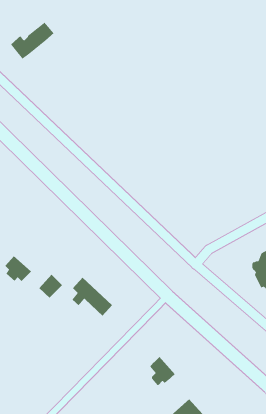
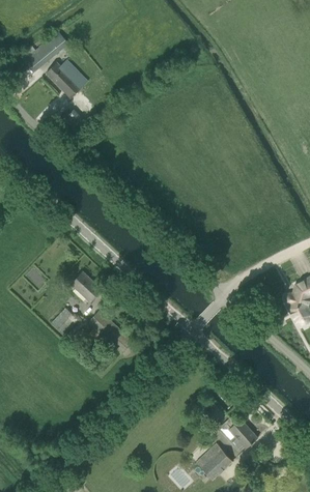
building: none -> [46,60,88,98]
building: [5,255,32,282] -> [72,272,102,301]
building: [149,356,176,385] -> [229,418,258,451]

